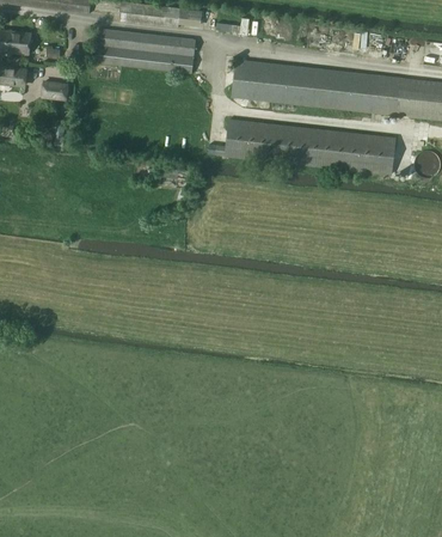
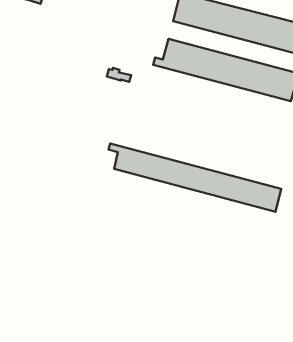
building: none -> [109,143,281,212]

